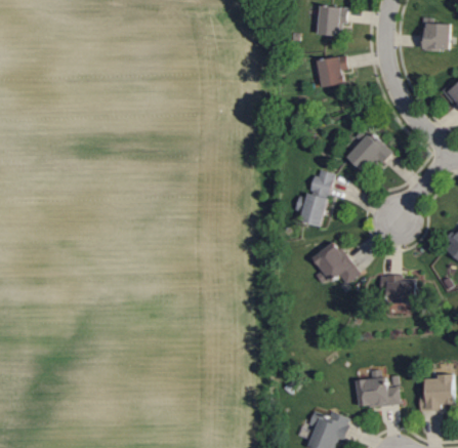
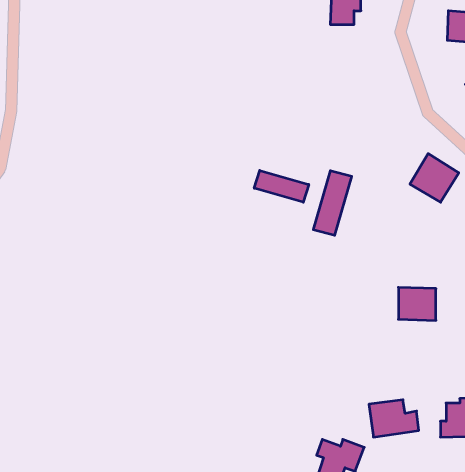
building: [316,55,346,88] -> none
building: [349,130,393,174] -> [410,154,459,202]
building: none -> [254,170,309,202]
building: [314,248,358,283] -> none

